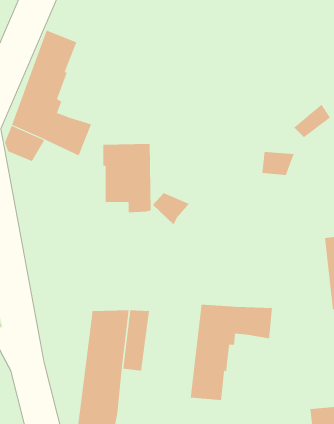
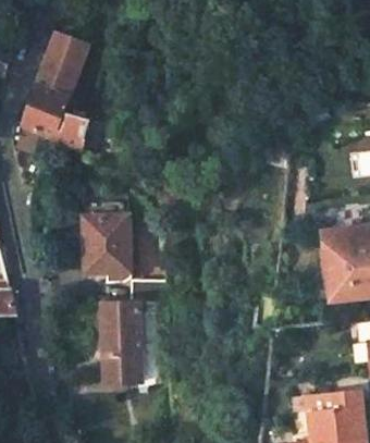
building: [103,143,152,213] -> [82,214,128,281]
building: [190,304,272,401] -> none

